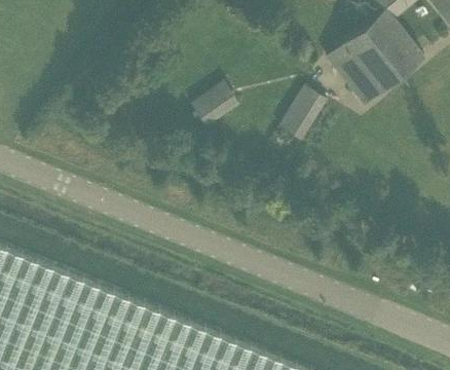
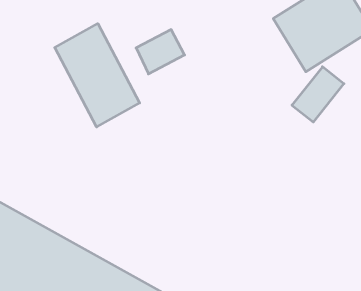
building: none -> [55,24,140,127]
building: [277,86,327,143] -> [292,67,344,122]

